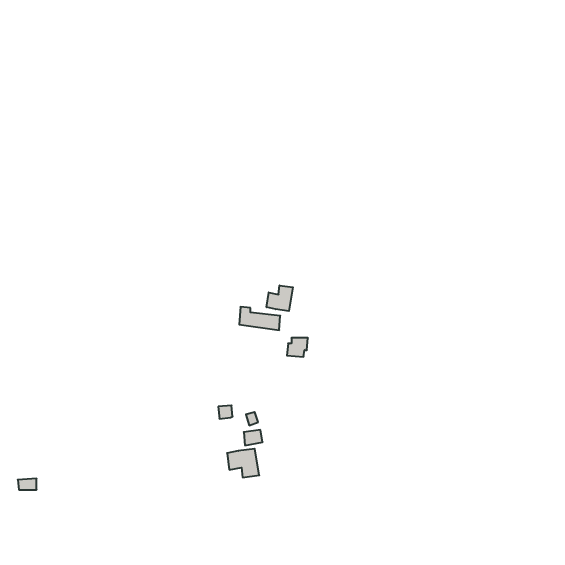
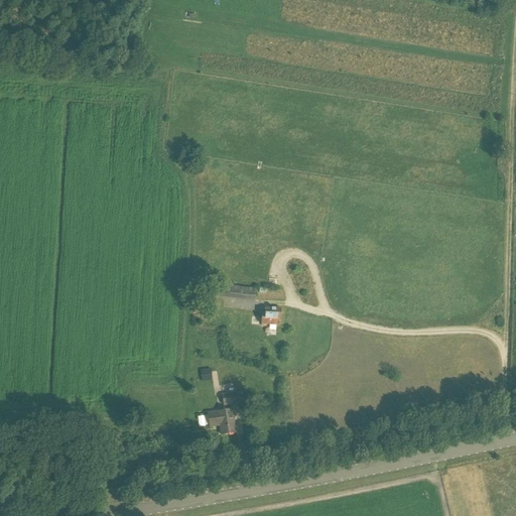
building: [267,285,293,311] -> none

